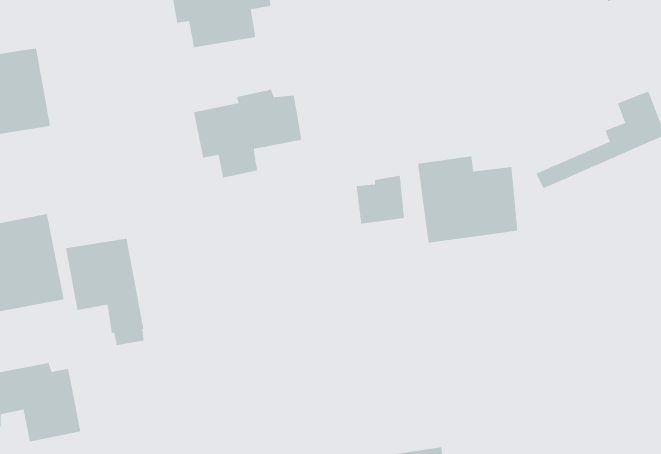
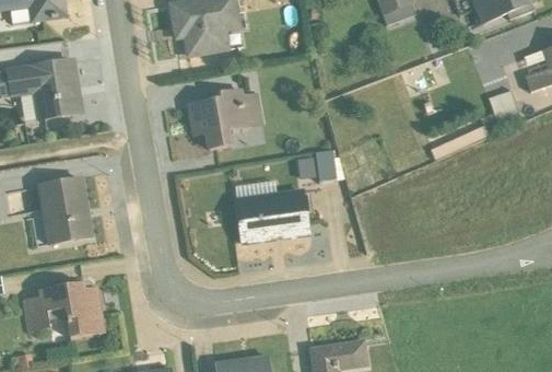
building: [417,156,518,243] -> [235,181,307,243]
building: [66,238,144,346] -> none

